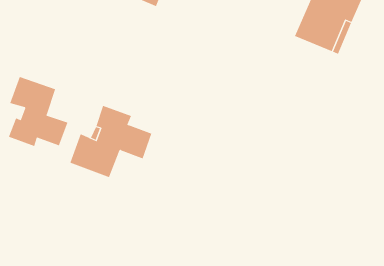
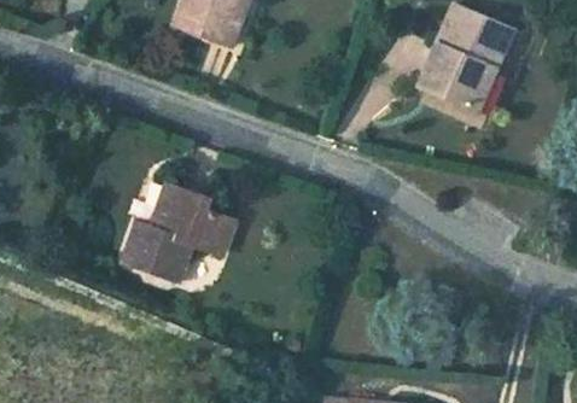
building: [8,76,68,147] -> none

